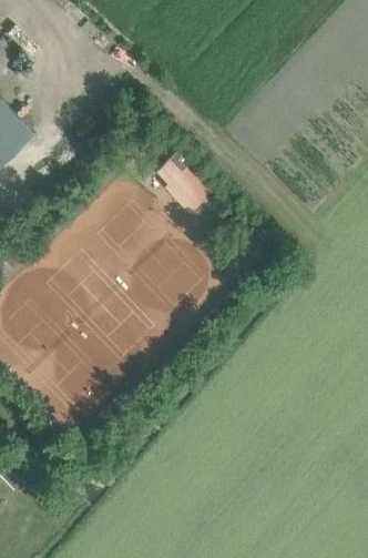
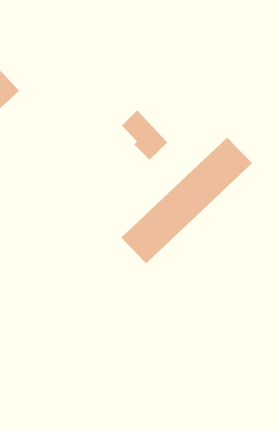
building: none -> [120,137,253,264]

